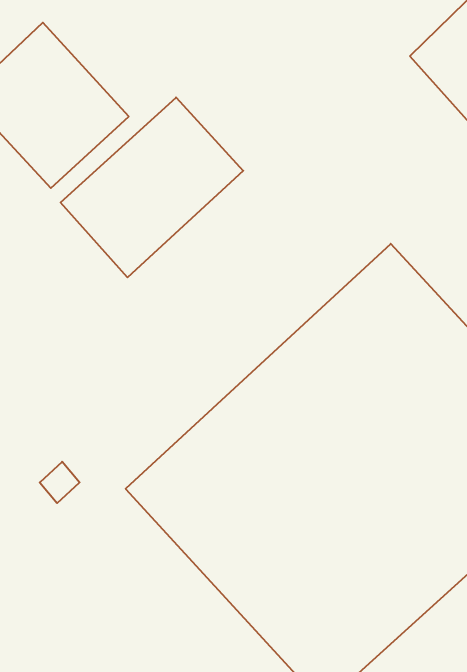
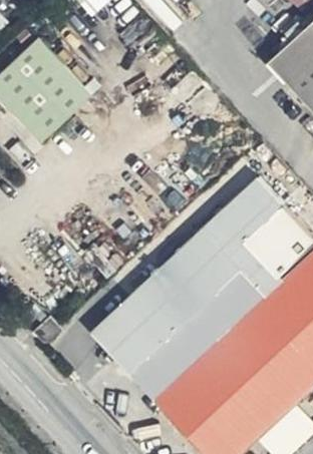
building: [61,97,243,277] -> none

